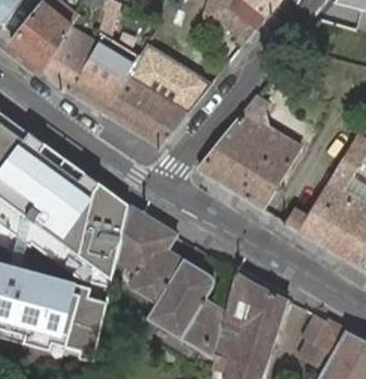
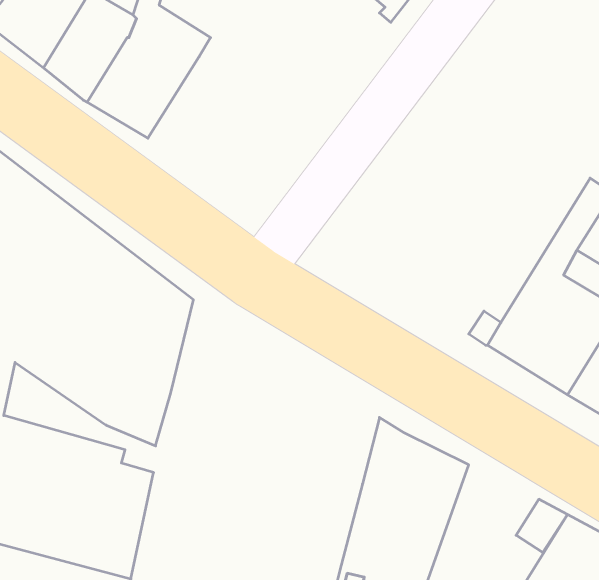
building: [103,42,208,146] -> none
building: [198,97,298,207] -> none
building: [117,204,227,359] -> none

